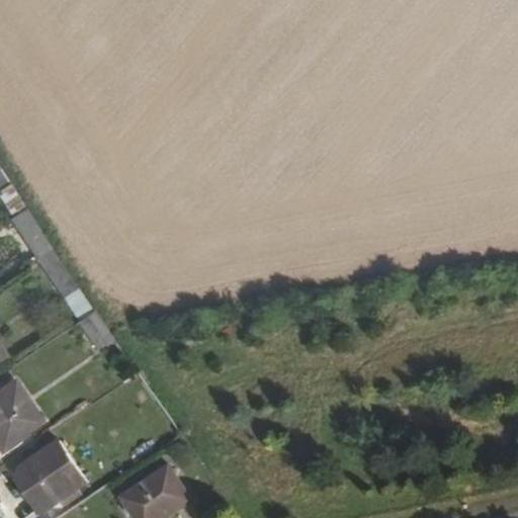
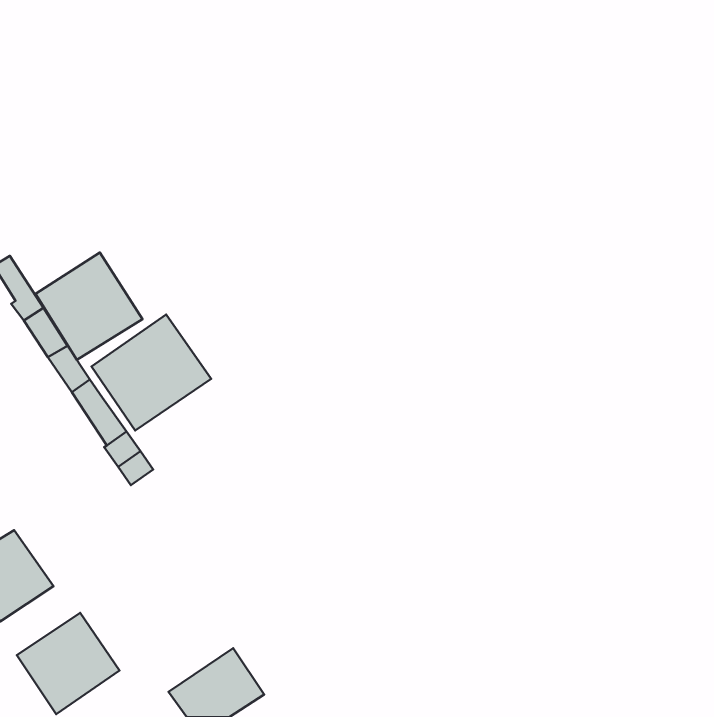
building: none -> [35,253,143,360]
building: none -> [92,314,211,430]

